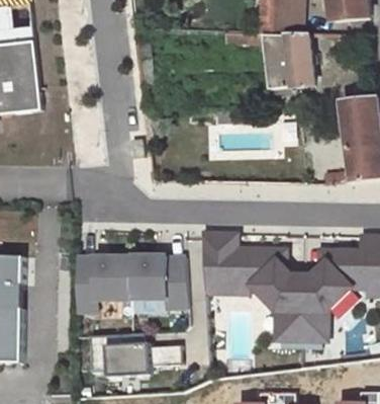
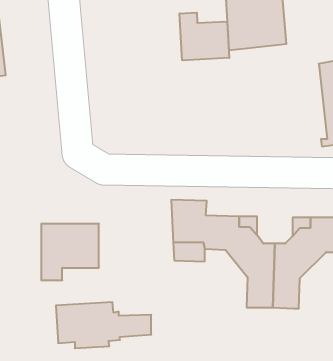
building: none -> [180,13,229,60]
building: [130,255,188,307] -> none

